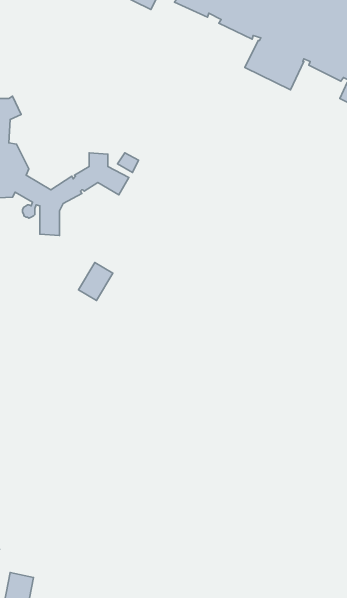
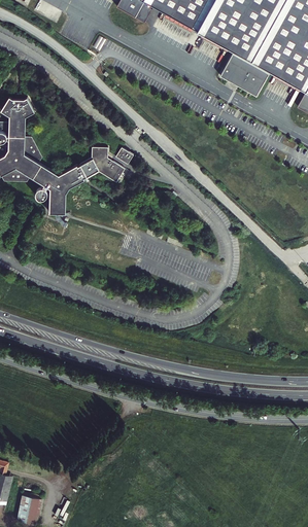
building: [78,263,113,300] -> none

